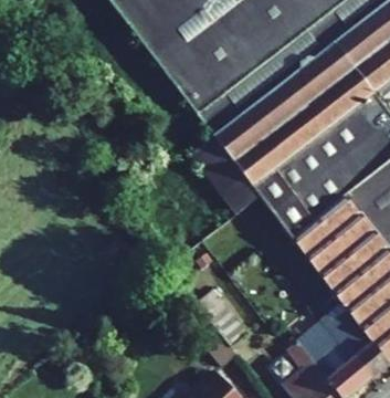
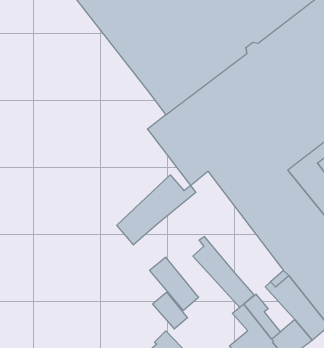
building: none -> [117,175,196,245]
building: none -> [193,236,254,307]

